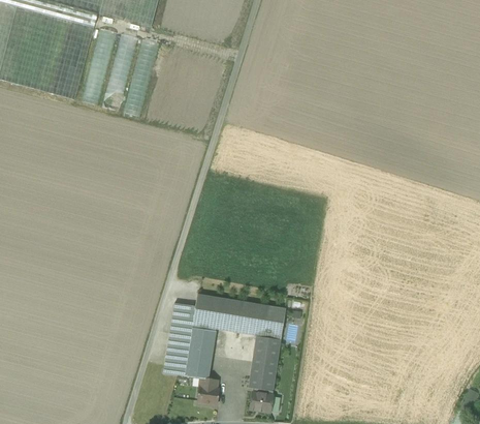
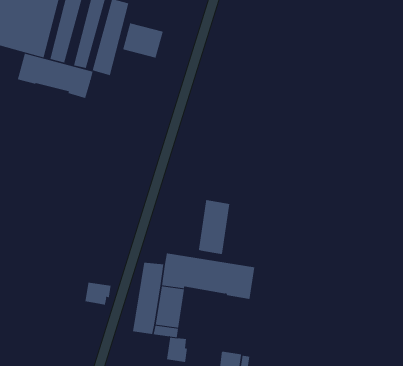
building: none -> [122,23,164,58]
building: none -> [17,53,93,99]
building: none -> [85,282,111,306]
building: [249,334,281,389] -> [198,200,230,254]

